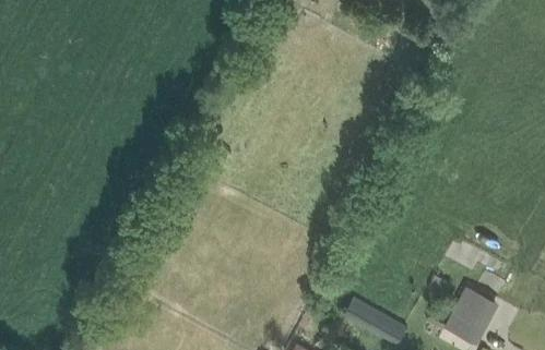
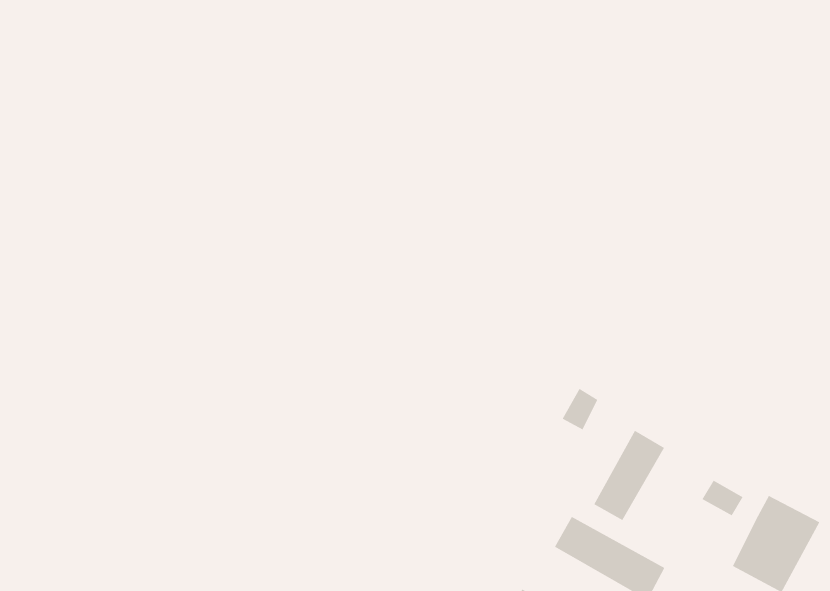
building: none -> [593,430,665,521]

